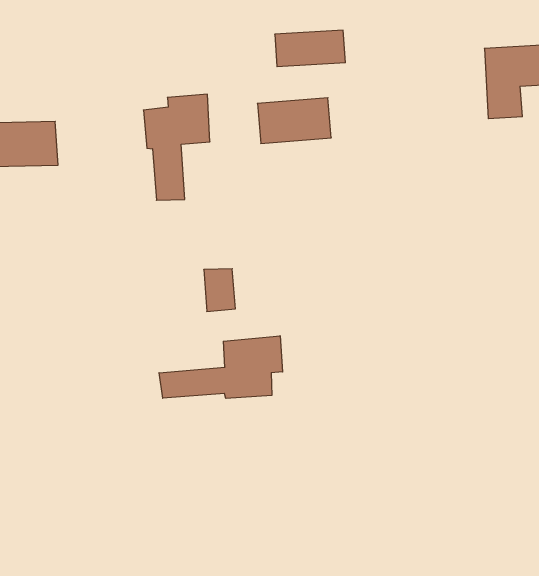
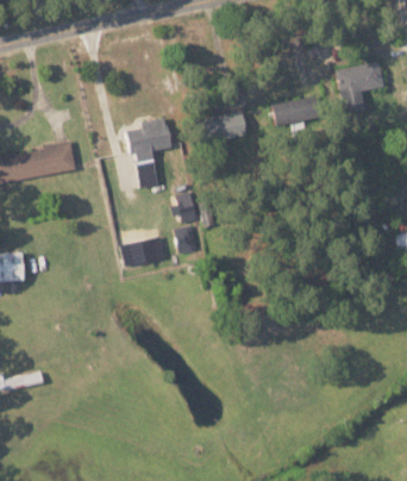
building: [275,30,345,67] -> [270,98,317,125]
building: none -> [171,190,196,223]
building: [159,336,283,398] -> none

